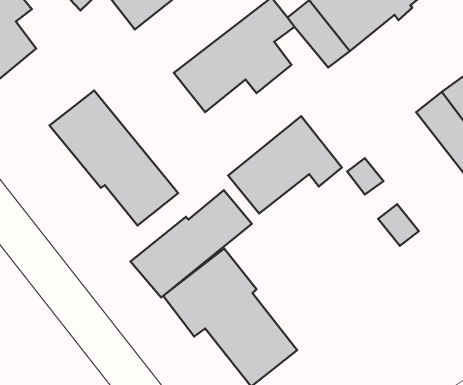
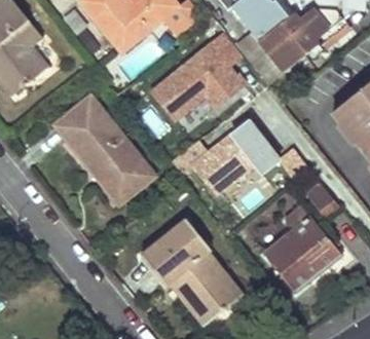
building: [130,190,252,298] -> none
building: none -> [265,209,340,293]

